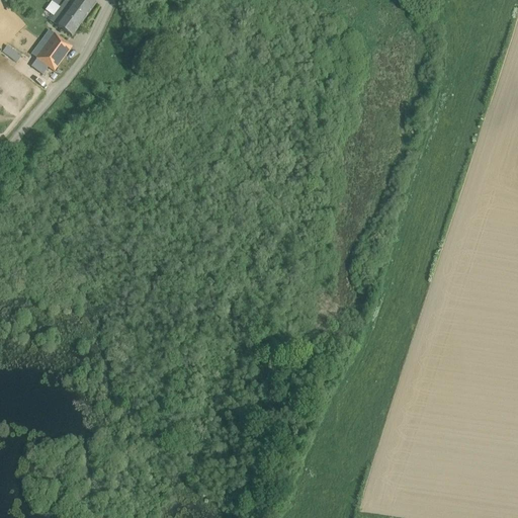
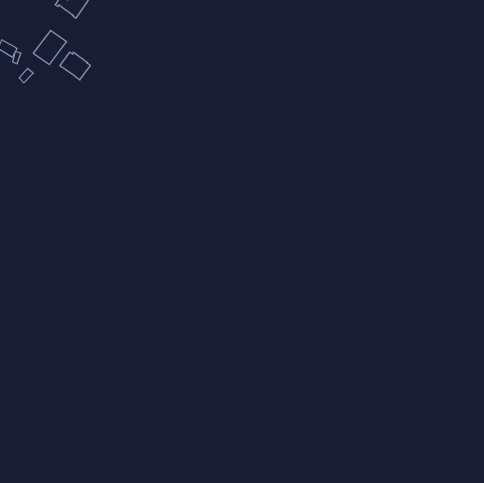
building: [49,5,81,34] -> [60,52,90,80]

